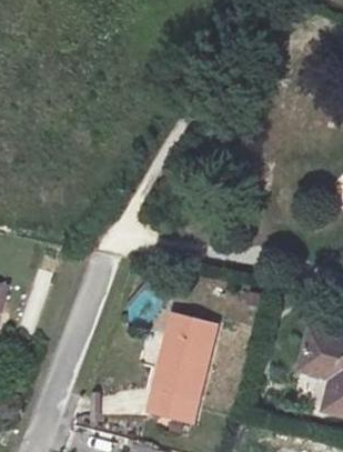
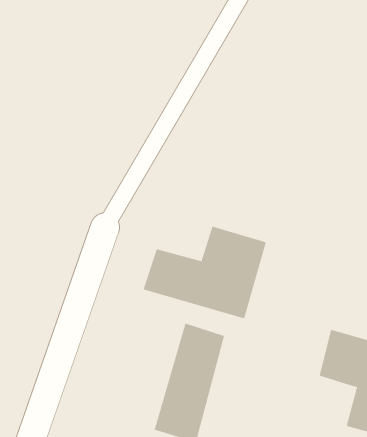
building: none -> [143,226,267,319]

